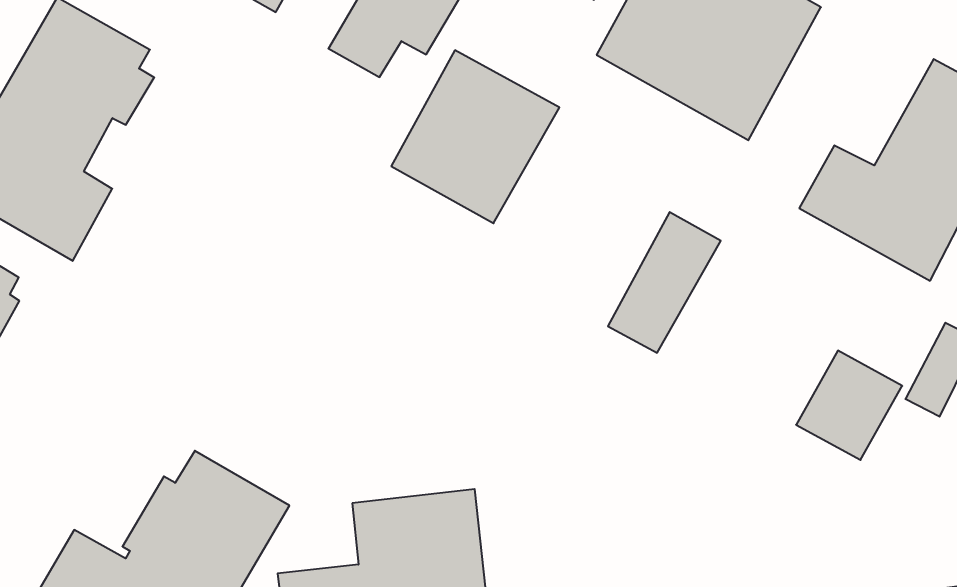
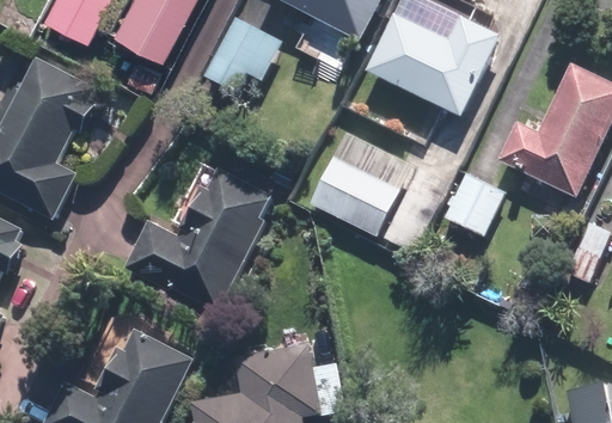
building: [391,50,559,223] -> [310,133,410,237]
building: none -> [123,168,273,312]
building: [796,351,902,460] -> [442,172,506,238]

